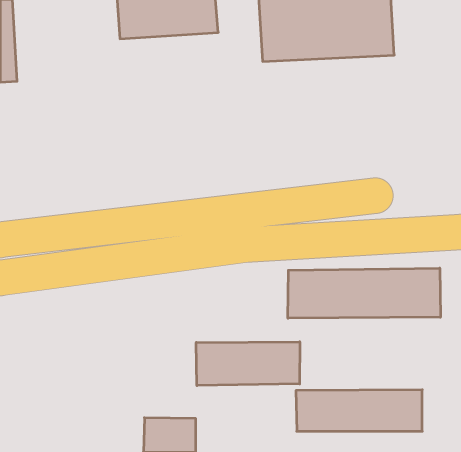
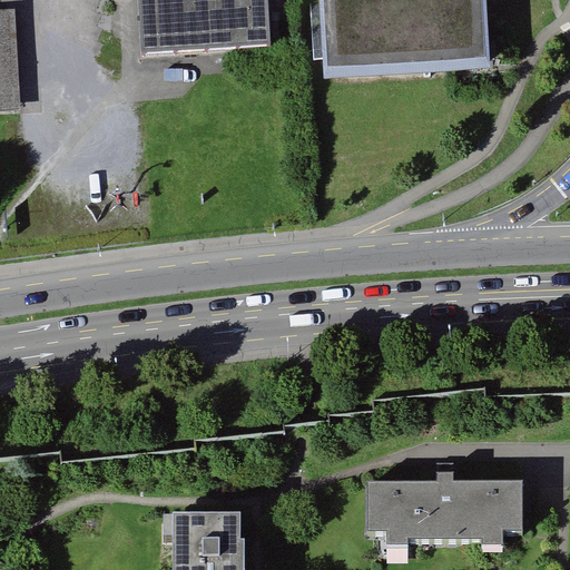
building: [288,268,440,318] -> none
building: [196,342,300,386] -> none

